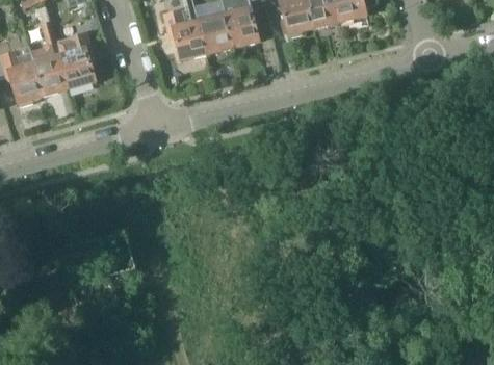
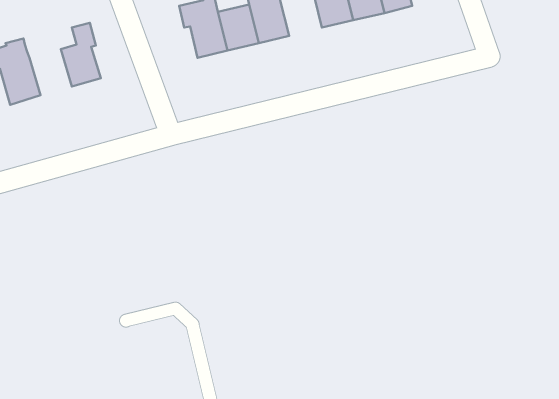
building: [31,19,72,93] -> none

